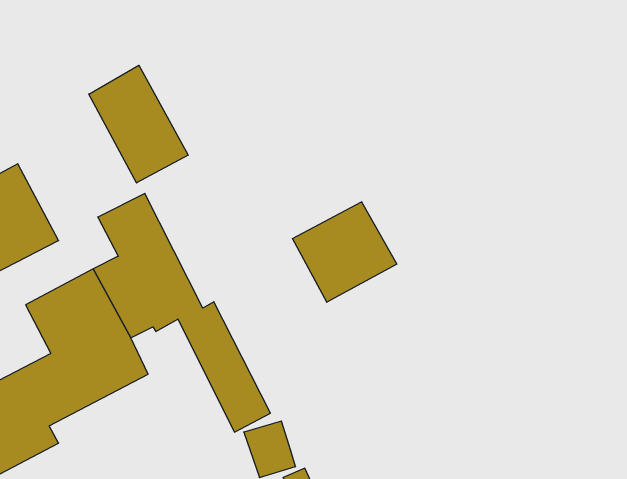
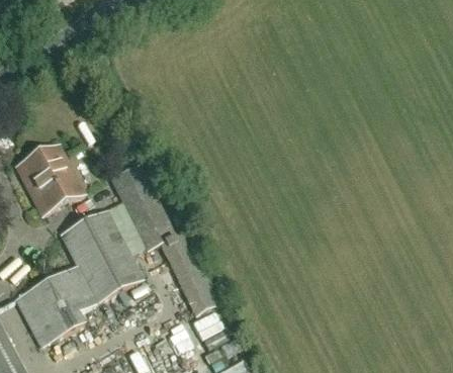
building: [89,65,188,183] -> none
building: [292,202,397,302] -> none

